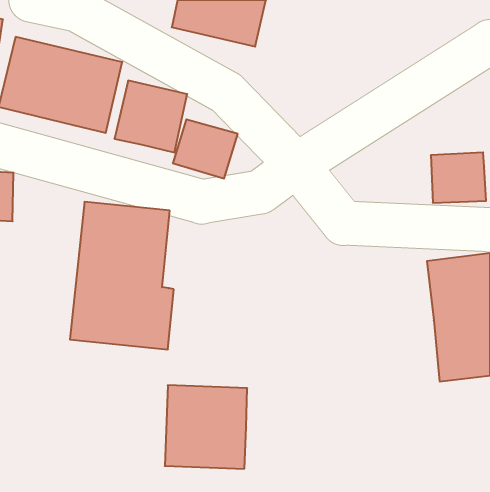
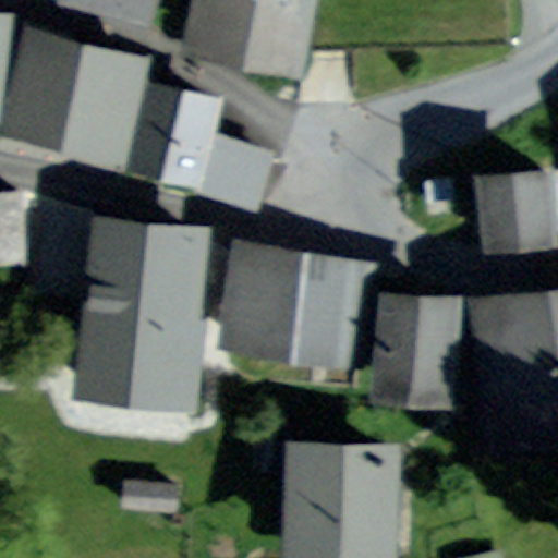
building: none -> [222,256,367,360]
building: none -> [379,296,452,400]
building: [165,385,247,469] -> [291,453,384,547]

